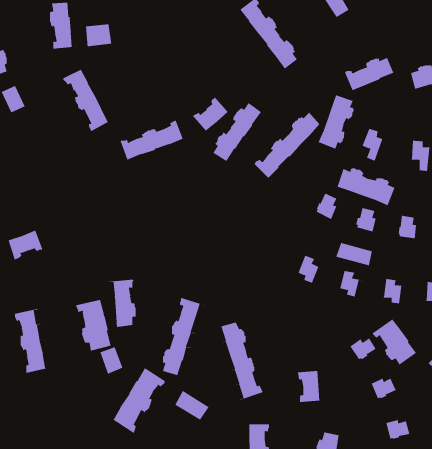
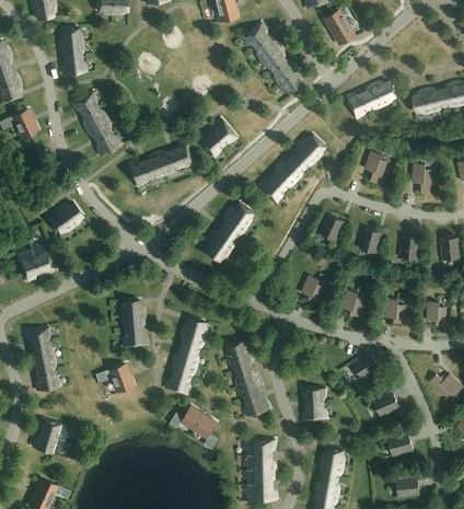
building: [85,23,112,47] -> none
building: [318,94,354,149] -> none
building: [212,102,262,162] -> [206,204,254,262]
building: [337,167,395,206] -> none
building: none -> [50,203,84,234]
building: [336,242,373,266] -> none
building: [75,298,113,352] -> none
building: [371,315,417,366] -> none
building: [108,365,167,434] -> none
building: none -> [33,418,66,454]

